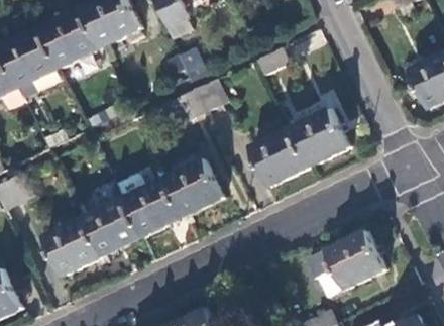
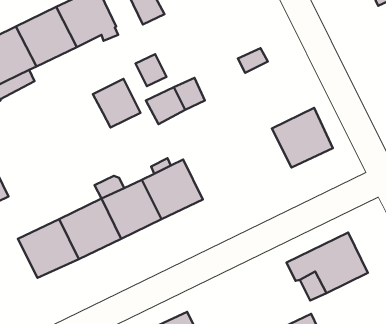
building: none -> [93,79,141,128]
building: [250,127,310,185] -> none

